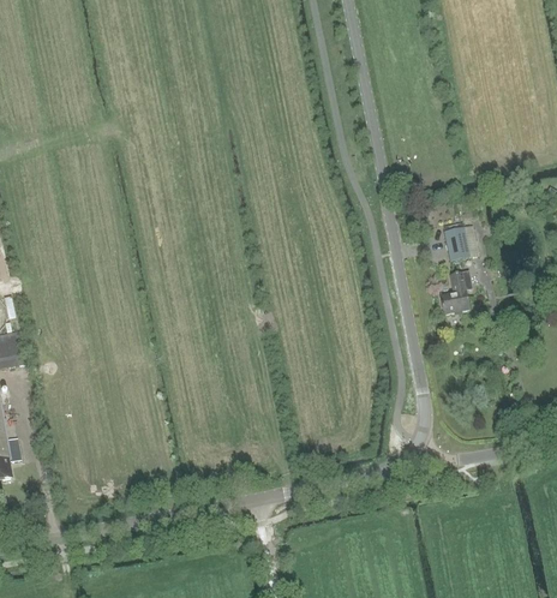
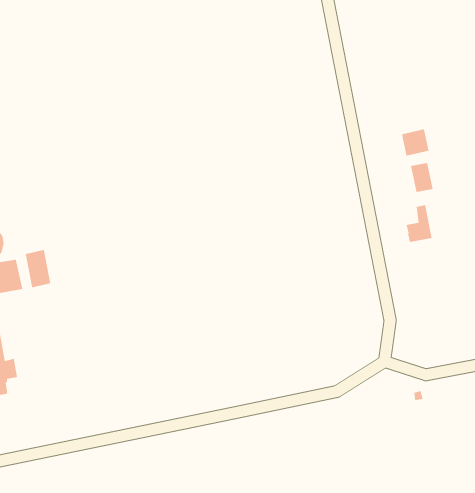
building: none -> [401,129,429,156]
building: none -> [25,249,51,288]

